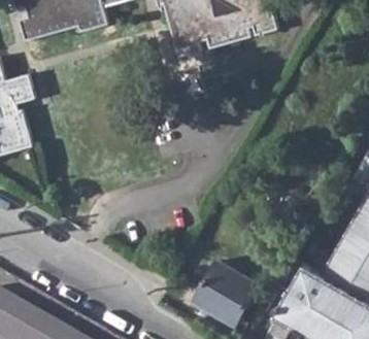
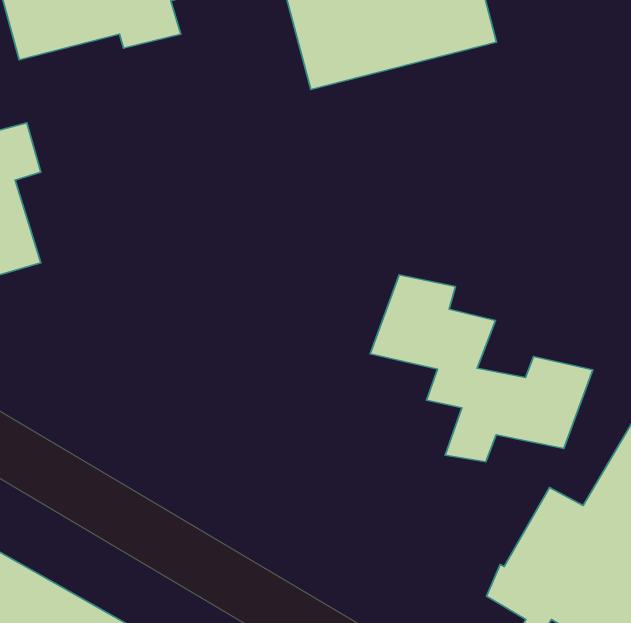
building: none -> [370,275,593,462]
building: [193,263,254,324] -> none

